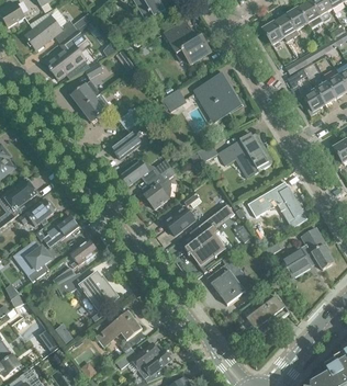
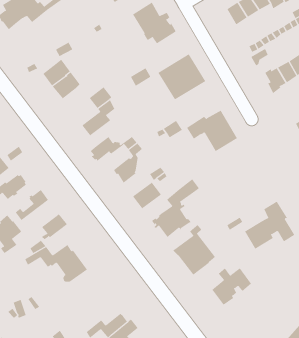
building: [47,29,85,78] -> none
building: [248,181,307,227] -> none
building: [96,310,143,351] -> none

